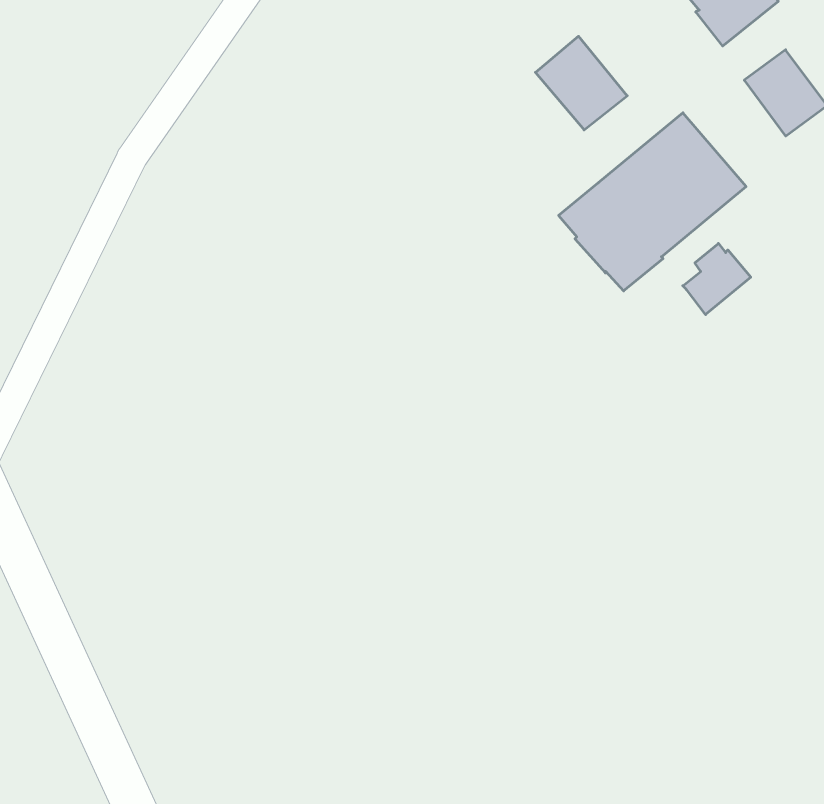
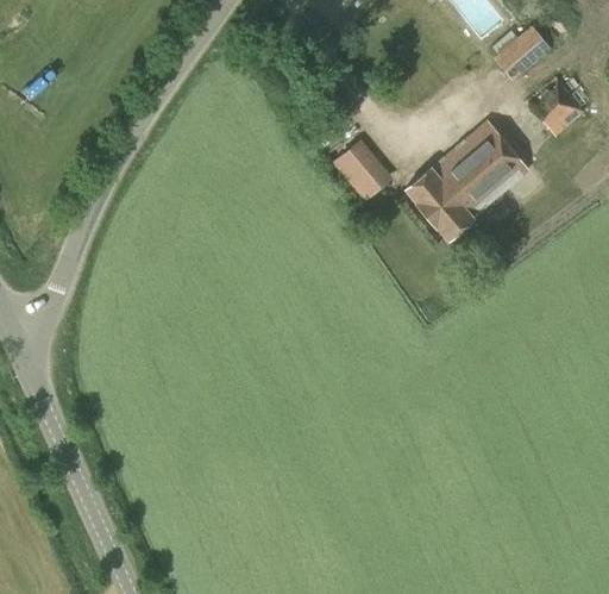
building: [535,36,627,130] -> [333,139,394,201]
building: [683,243,751,315] -> none

